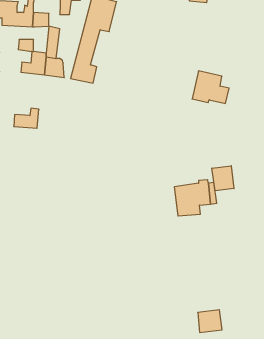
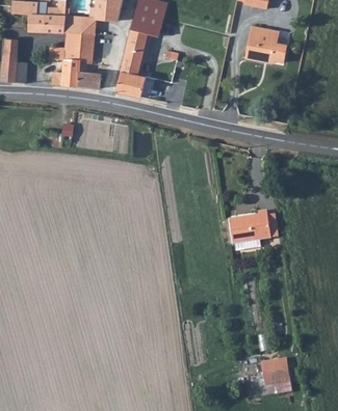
building: none -> [68,31,85,62]
building: [192,71,229,103] -> [242,27,285,64]
building: [212,166,234,191] -> none

